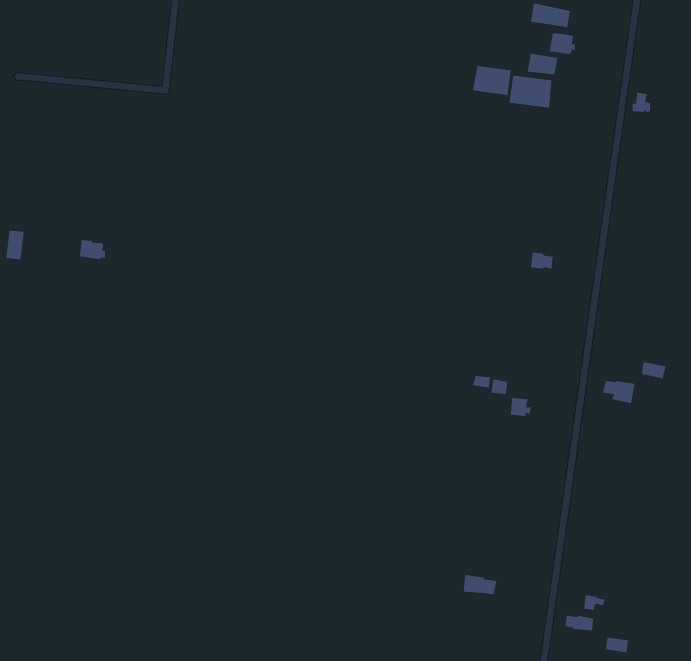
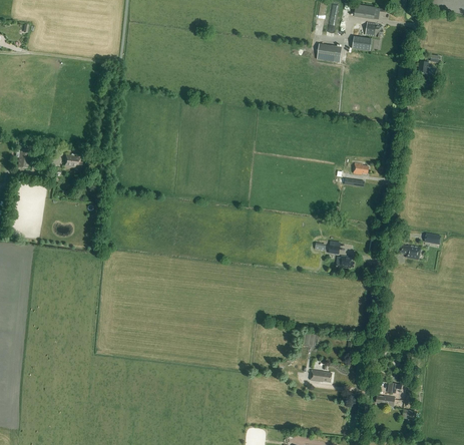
building: [509,75,552,108] -> none

